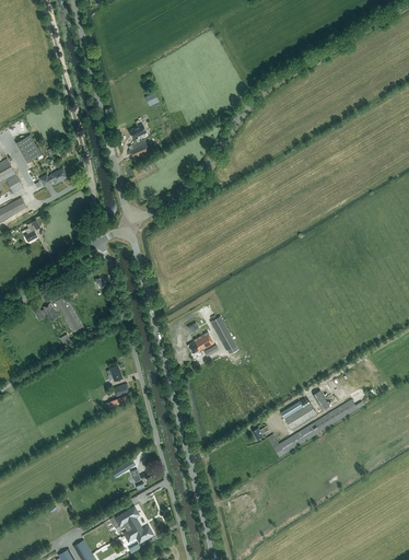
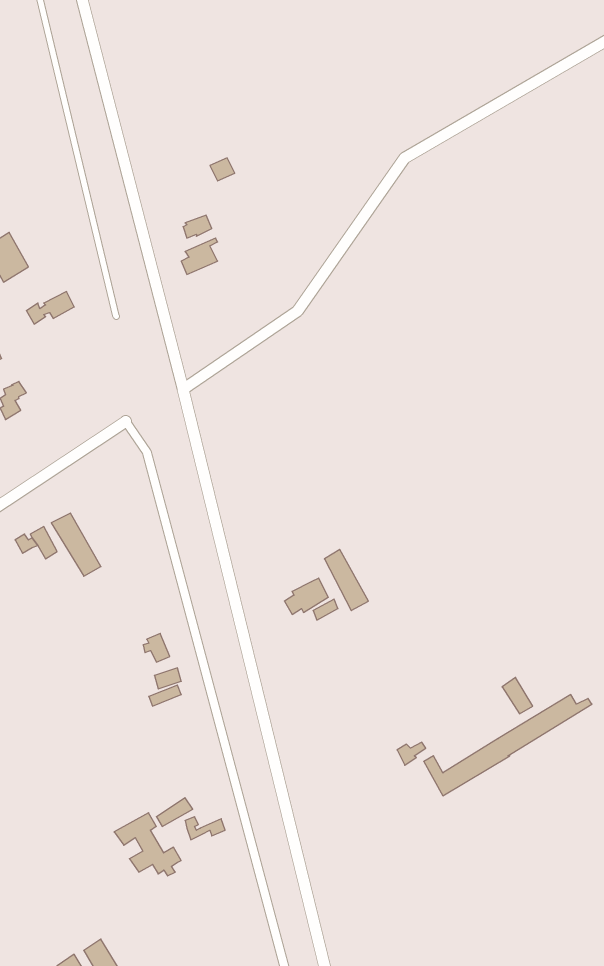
building: [281,400,317,430] -> none
building: [115,508,153,544] -> [114,813,181,876]

